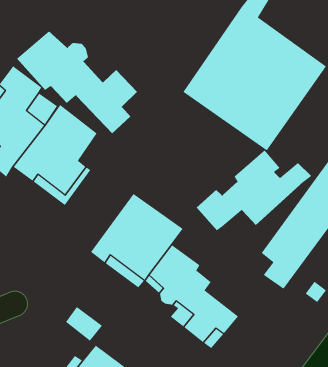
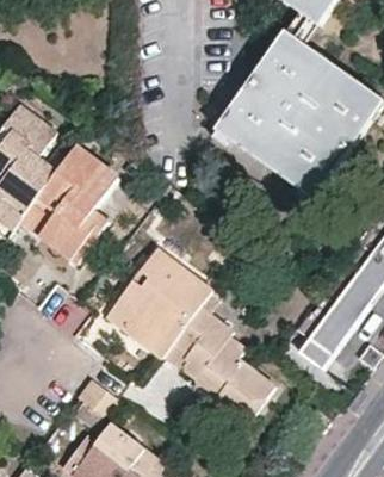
building: [16,31,138,134] -> none
building: [196,149,312,231] -> none

